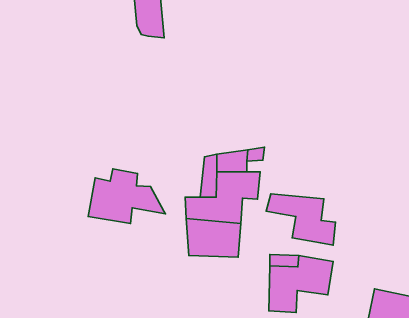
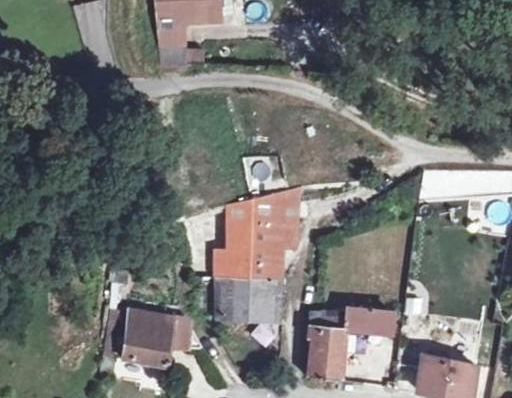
building: [88,169,166,224] -> [119,298,207,360]
building: [266,194,335,245] -> none

